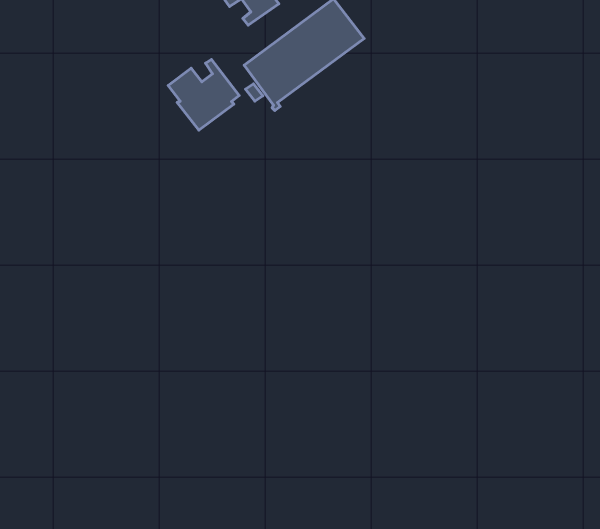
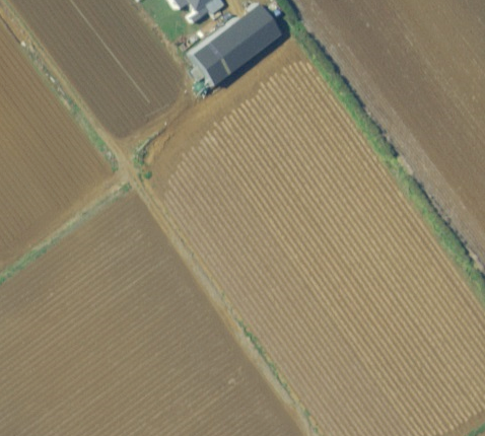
building: [168,59,239,130] -> none

